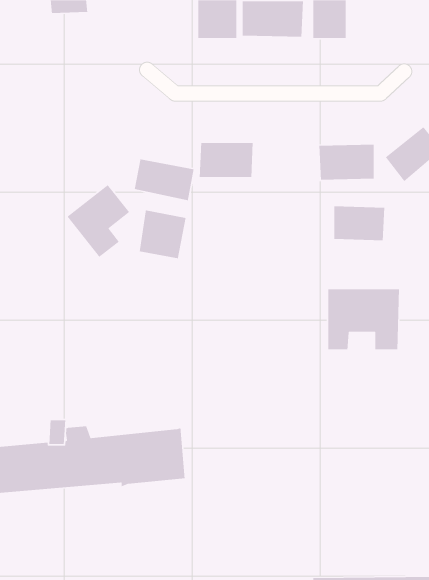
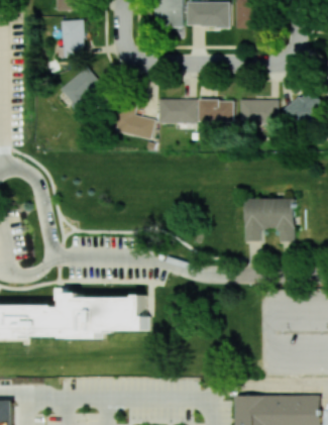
building: none -> [56,19,83,57]
building: [67,184,130,258] -> [58,66,101,116]
building: [333,206,385,241] -> [198,99,233,123]
building: [139,209,187,259] -> none

